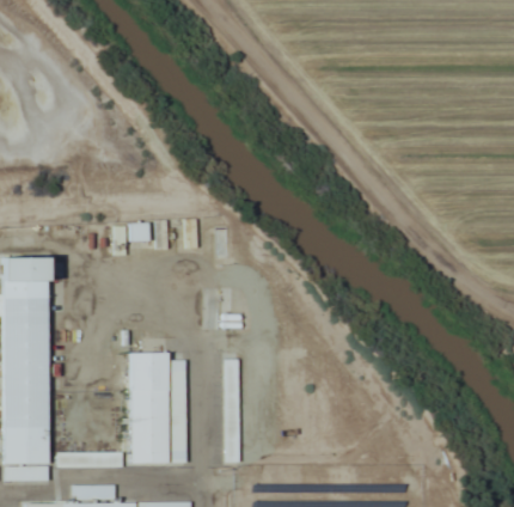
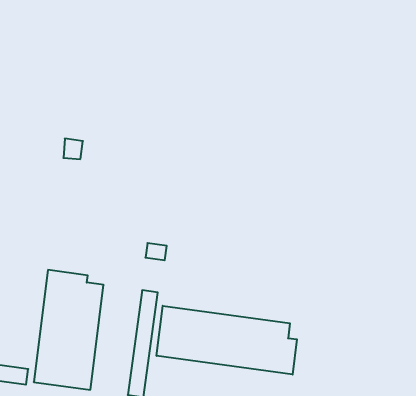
building: none -> [157,306,297,375]

